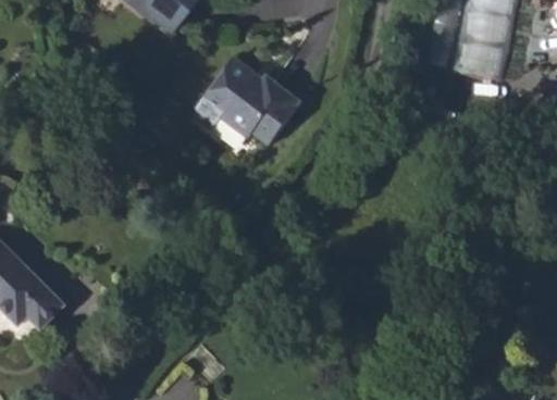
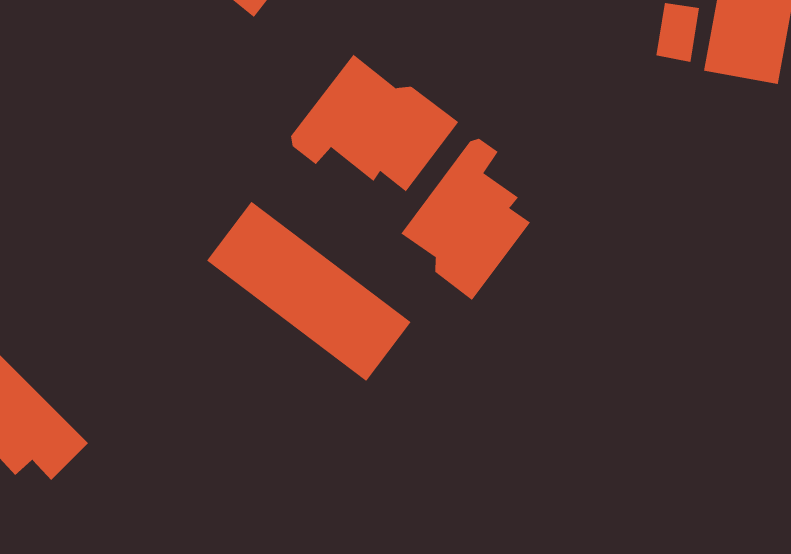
building: none -> [400,138,531,301]
building: none -> [206,201,411,382]

